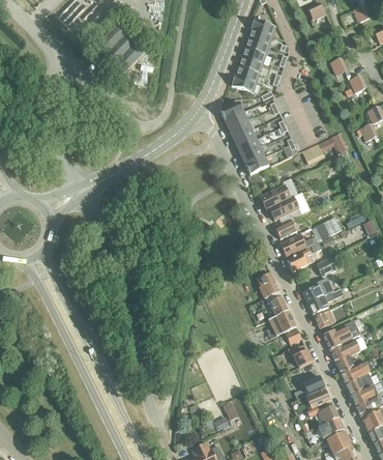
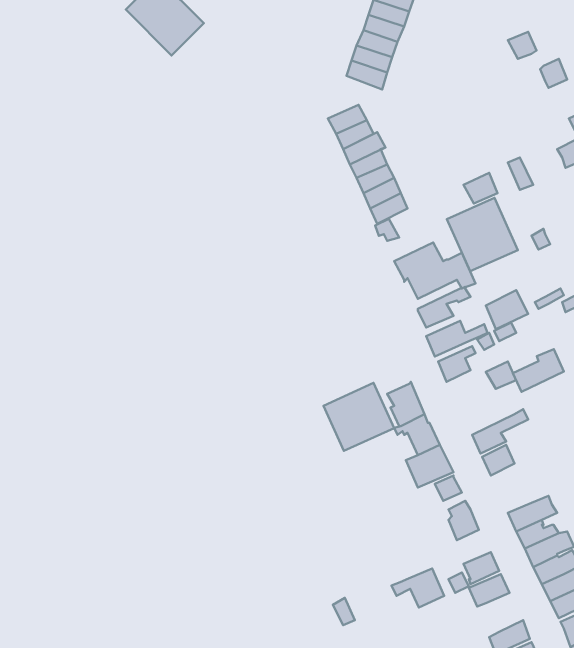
building: none -> [447,198,518,271]
building: none -> [323,383,394,451]
building: [302,278,333,304] -> [513,349,564,392]
building: [322,321,359,349] -> none
building: [305,400,337,424] -> [392,568,444,608]

